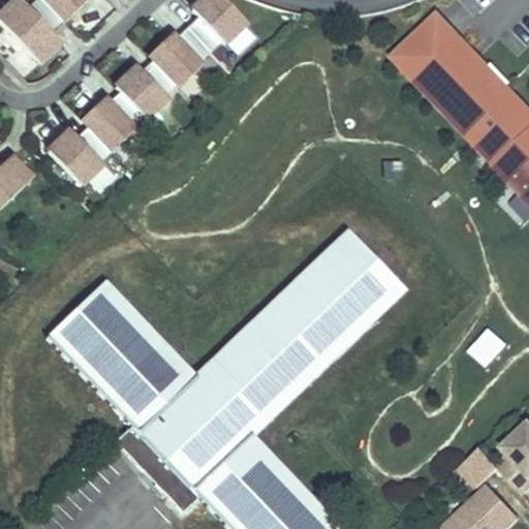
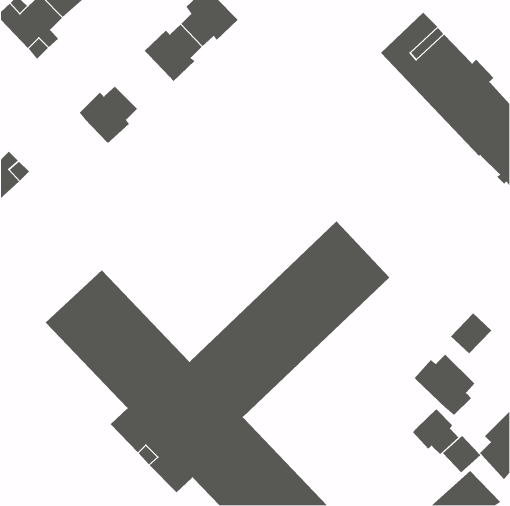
building: [115,57,176,117] -> none
building: [48,123,111,183] -> none
building: none -> [414,354,475,416]
building: none -> [412,409,459,455]

